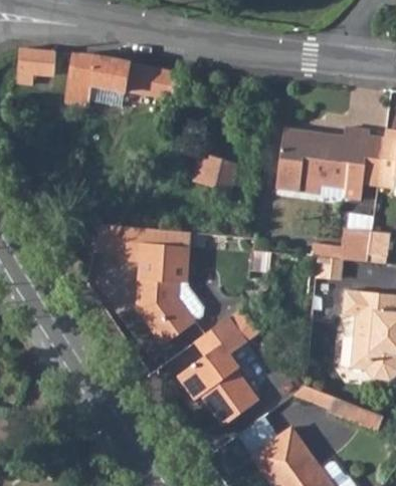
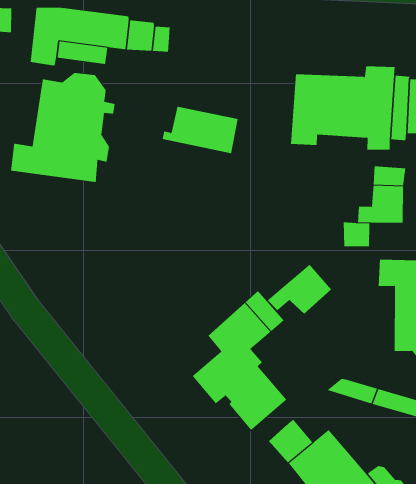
building: none -> [11,72,115,183]
building: [95,223,194,346] -> none
building: none -> [267,264,332,314]

